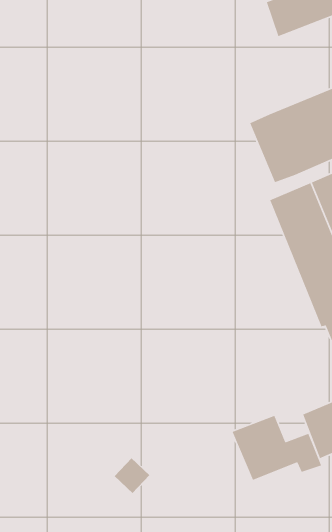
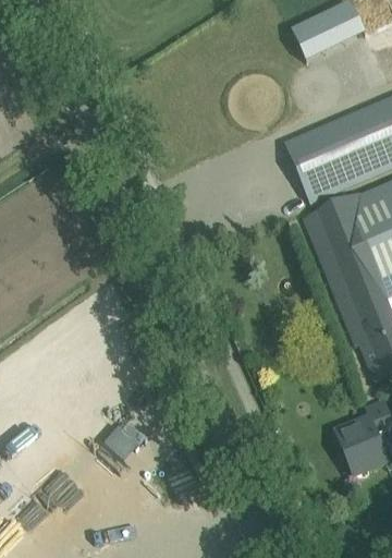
building: [231,415,322,481] -> none
building: [114,458,150,494] -> [108,423,144,459]

